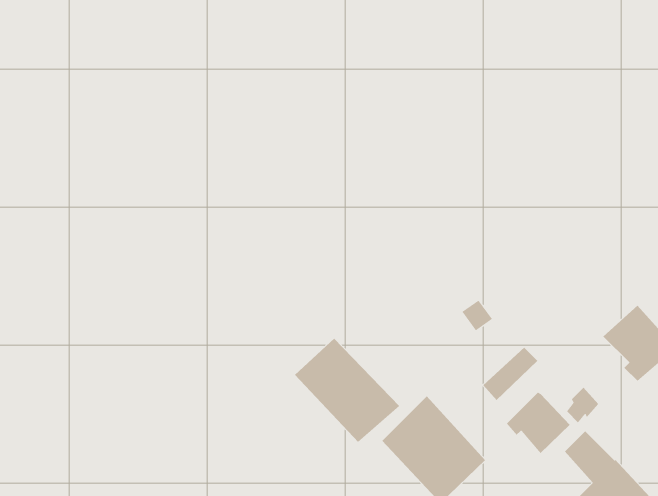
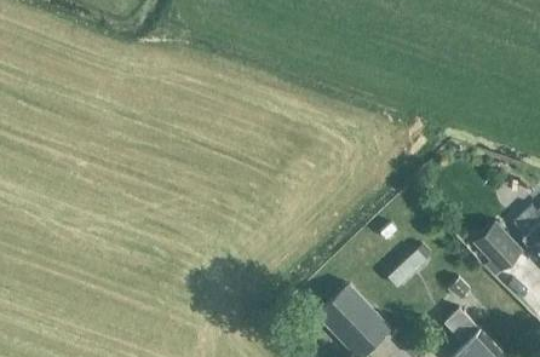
building: [294,338,400,443] -> none
building: [506,392,570,454] -> none

